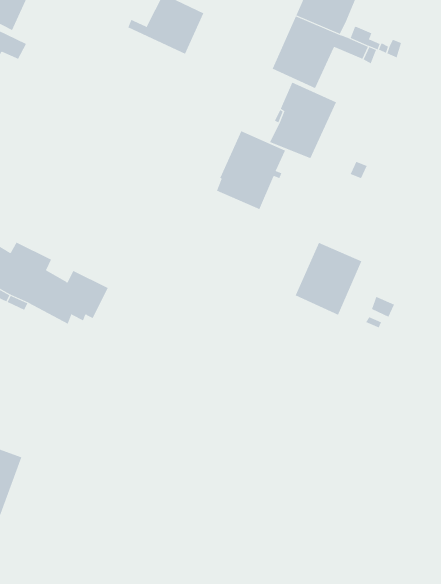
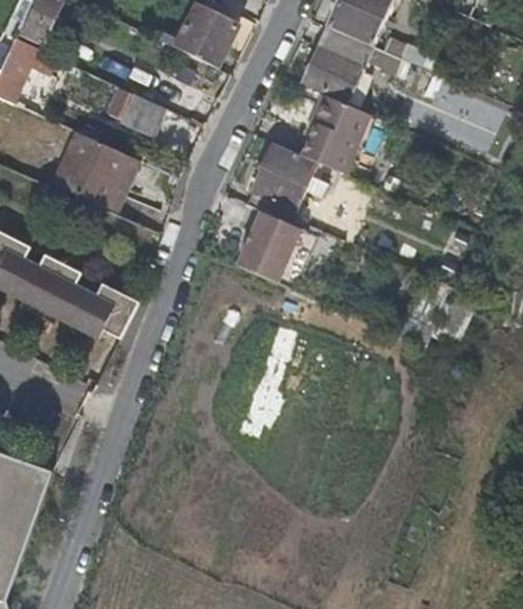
building: none -> [120,92,165,134]
building: none -> [51,131,140,211]
building: [295,242,362,316] -> [234,209,302,283]

